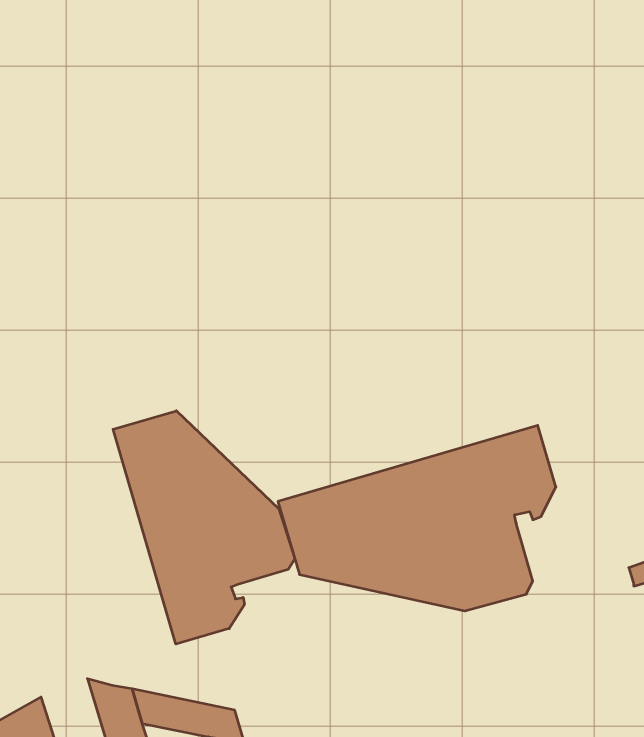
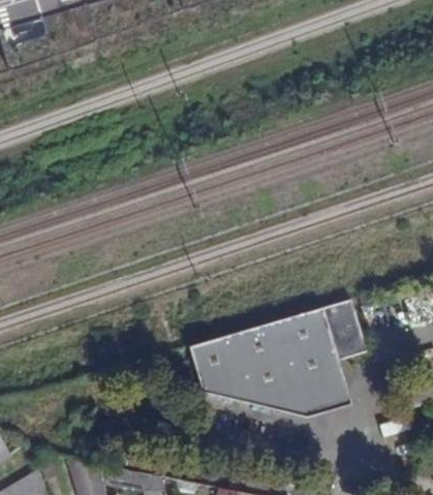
building: [113,411,295,644] -> none

